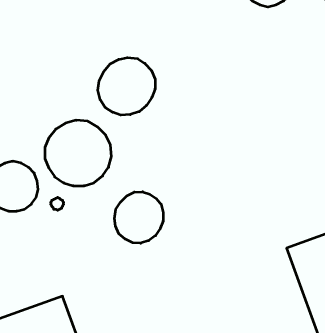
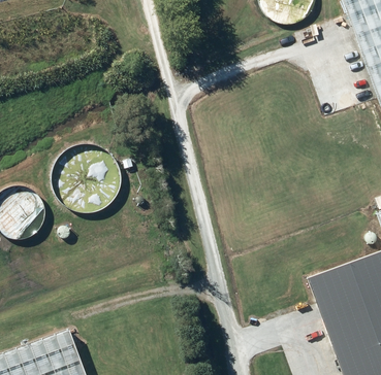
building: [98,58,155,115] -> none
building: [114,192,163,243] -> none

